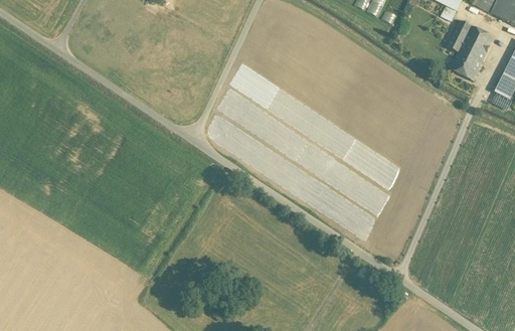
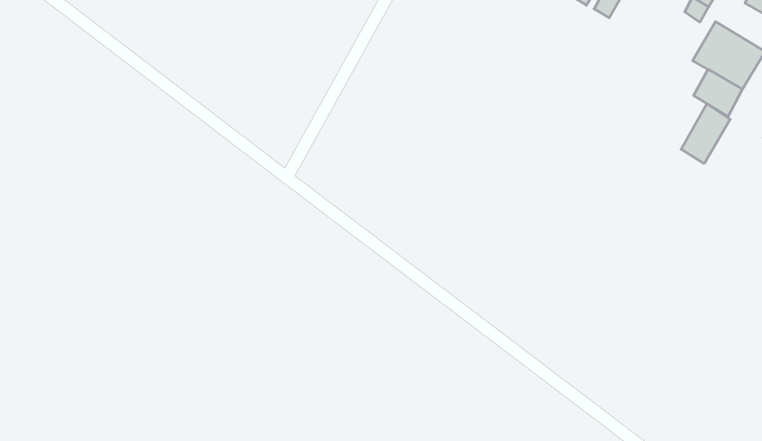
building: none -> [681,104,730,163]

